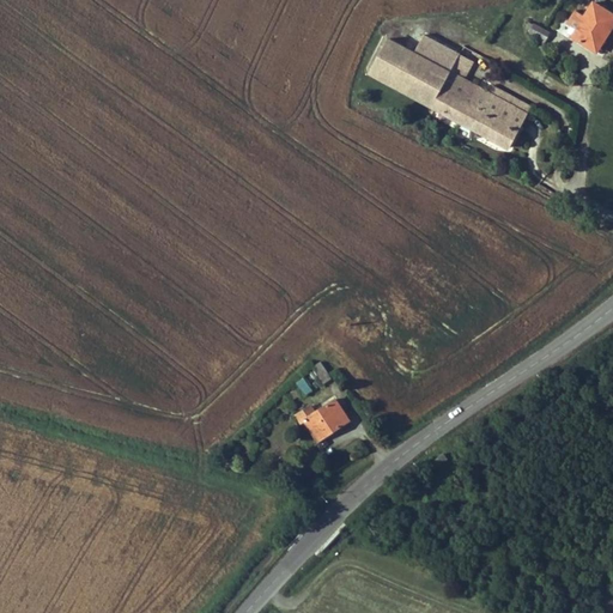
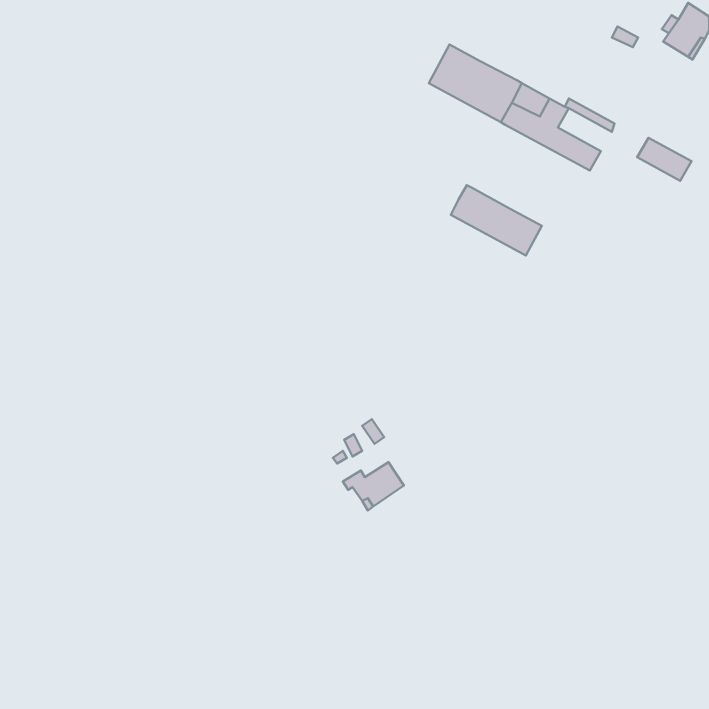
building: [414,35,455,69] -> none
building: [481,93,528,131] -> [637,138,691,181]
building: none -> [451,185,542,255]

